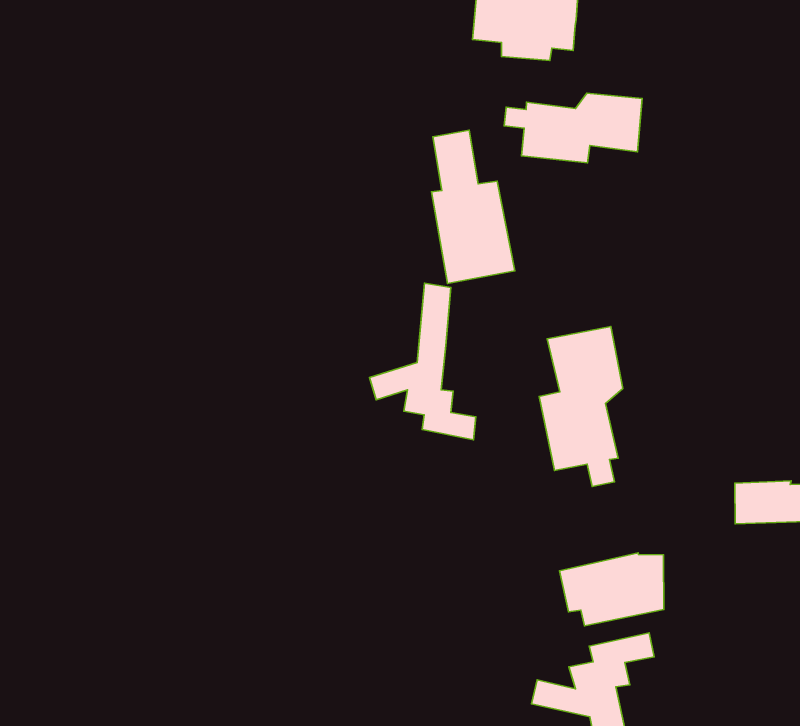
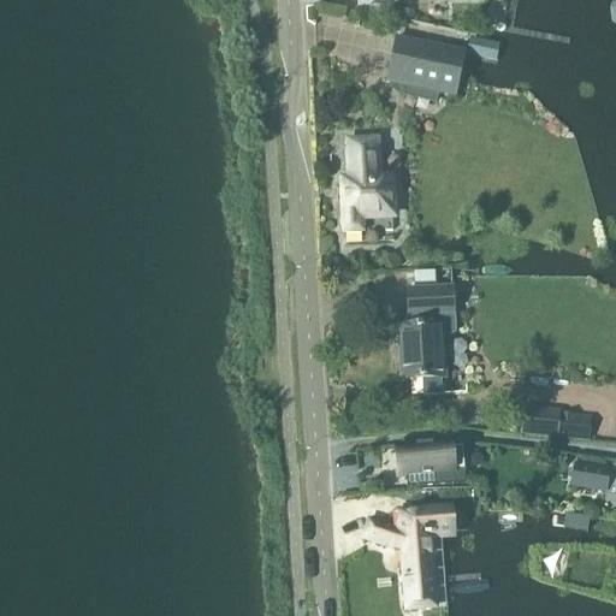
building: [504,93,642,163] -> none
building: [370,283,476,440] -> none

